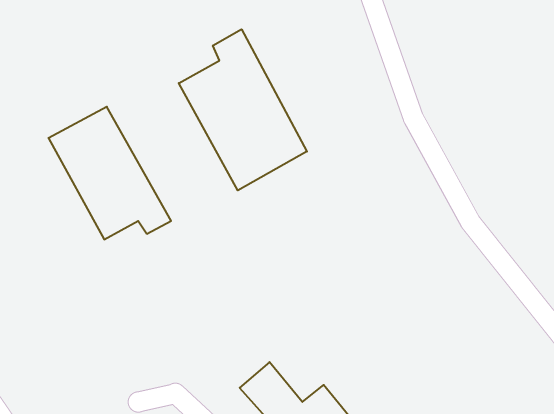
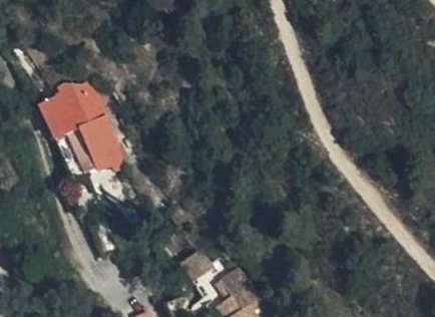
building: [179,29,307,190] -> none

